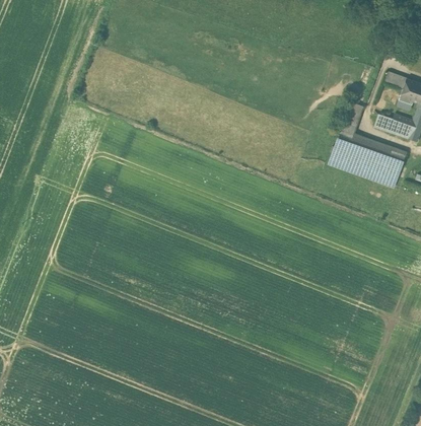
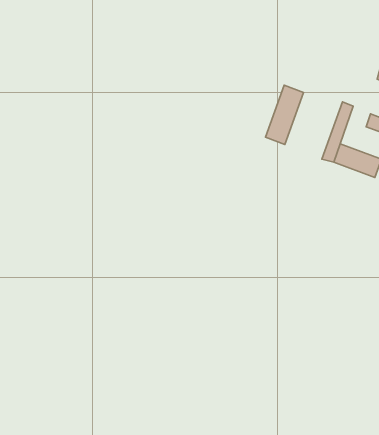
building: none -> [266,85,303,144]

